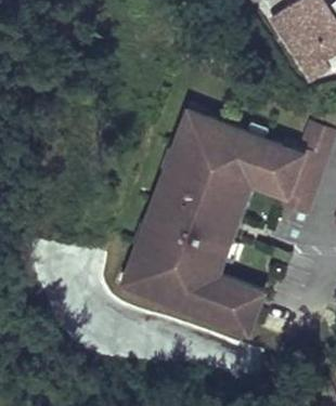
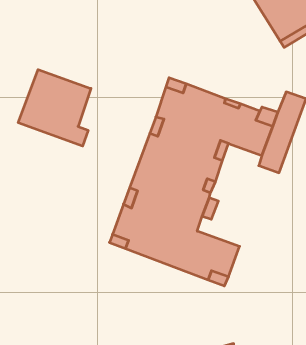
building: none -> [18,70,91,146]

